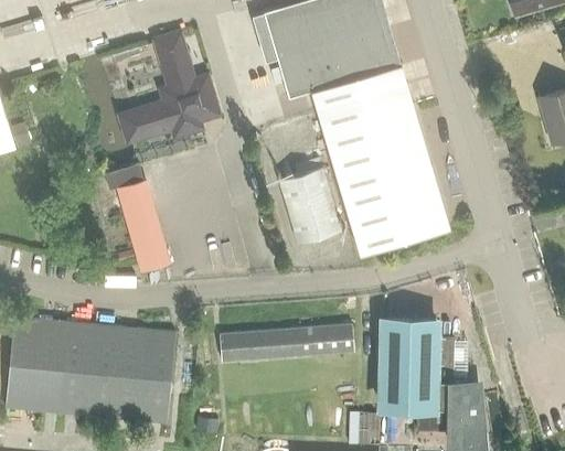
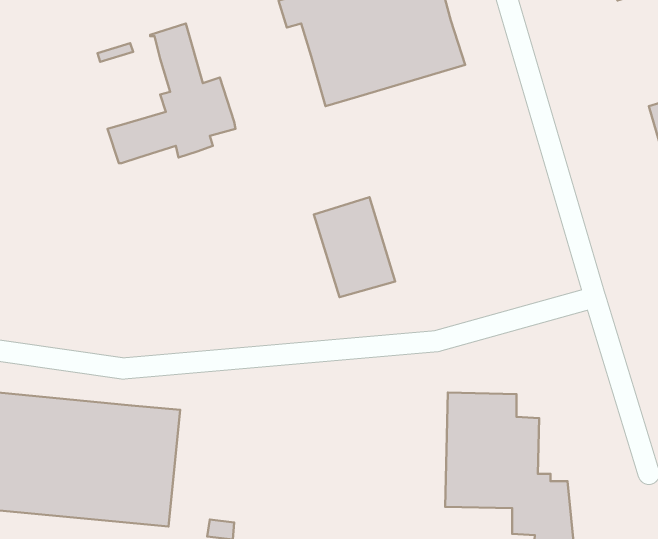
building: [310,63,449,255] -> none
building: [113,155,174,266] -> none
building: [220,325,354,361] -> none

